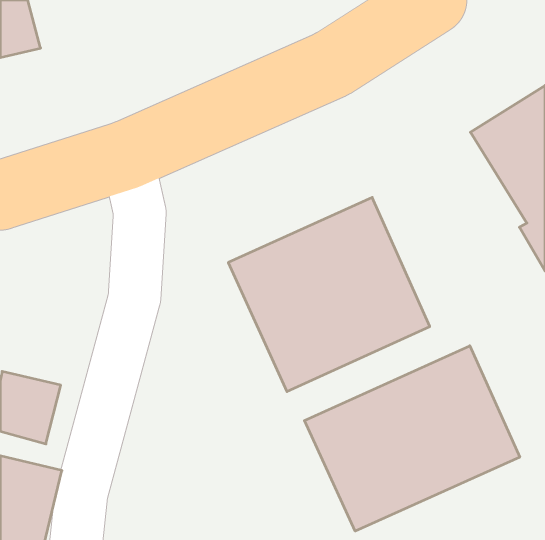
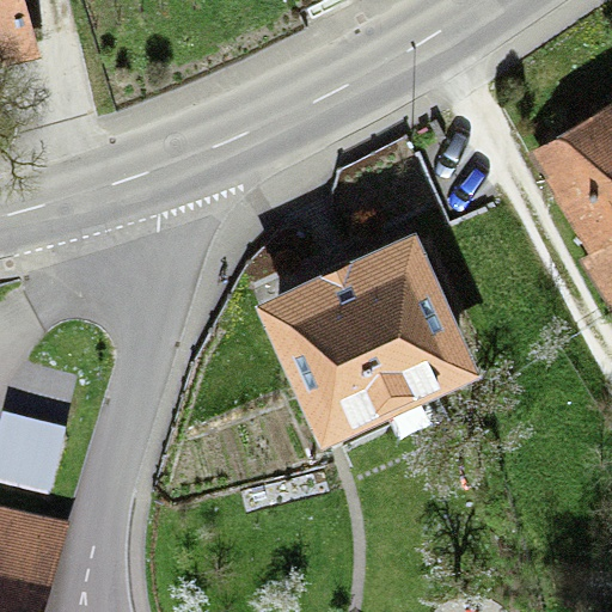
building: [304,346,520,531] -> none

